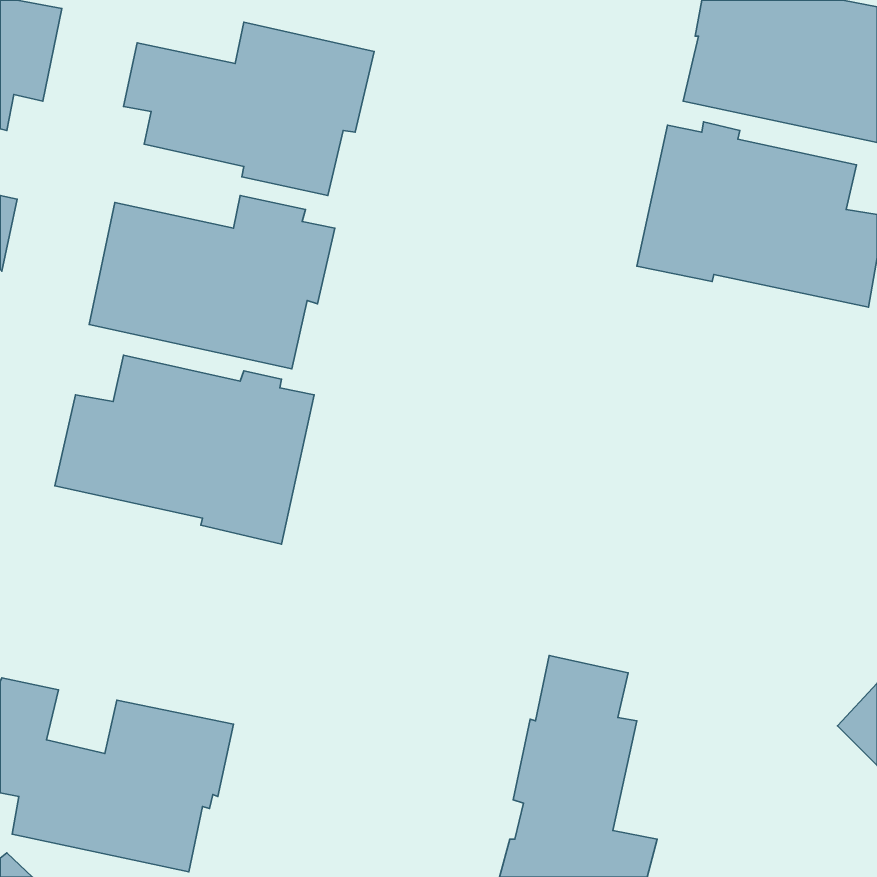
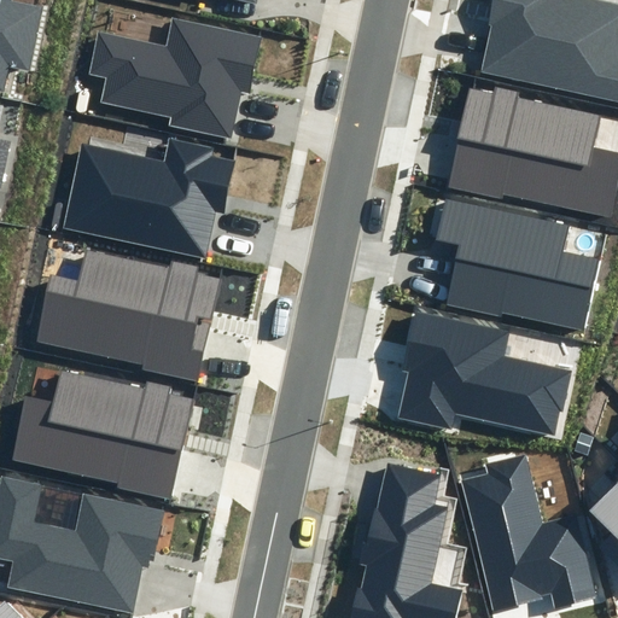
building: none -> [437,199,599,331]
building: none -> [398,311,572,435]
building: none -> [11,372,194,500]
building: none -> [462,455,597,608]

